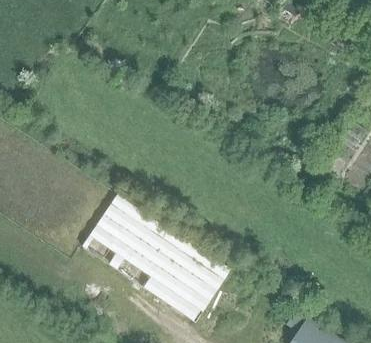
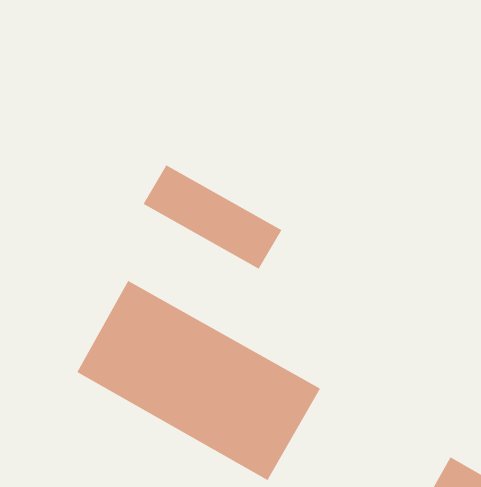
building: none -> [143,165,282,269]

